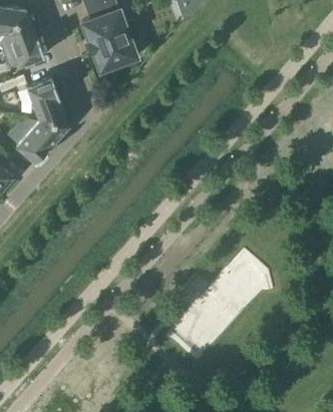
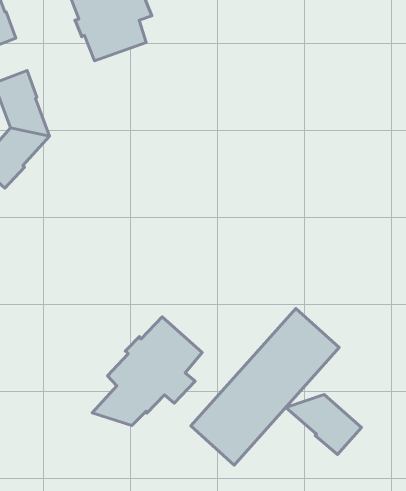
building: none -> [92,317,202,426]
building: none -> [286,395,361,455]

